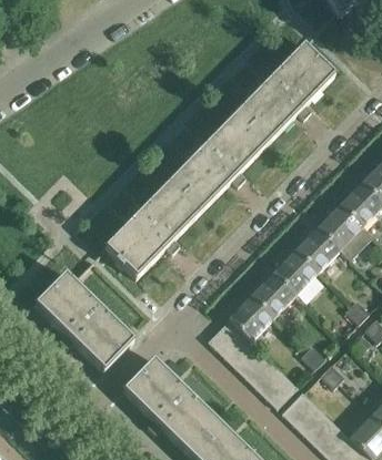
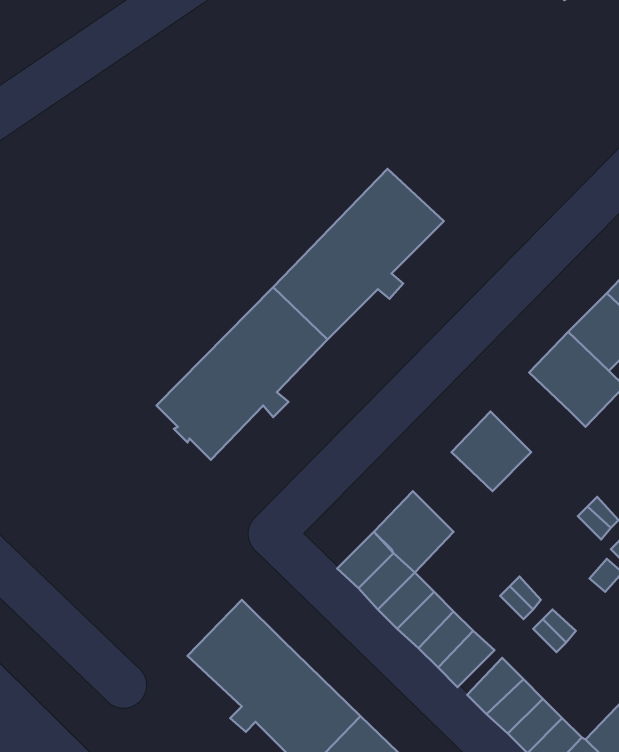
building: [237,41,335,140] -> none
building: [295,226,341,272] -> none
building: [34,270,134,369] -> none
building: [251,272,296,317] -> none

